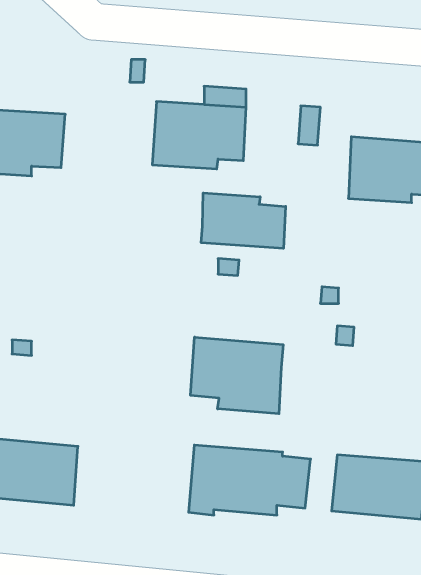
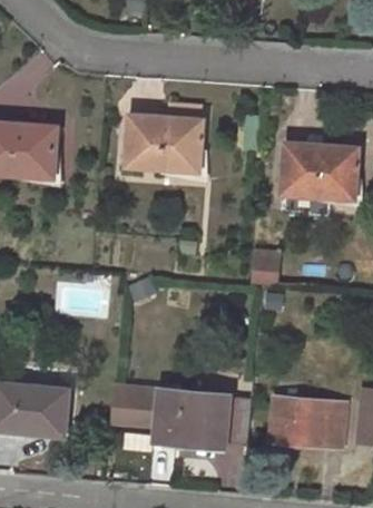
building: [201,193,286,248] -> none
building: [191,337,283,414] -> none
building: none -> [114,384,156,428]

